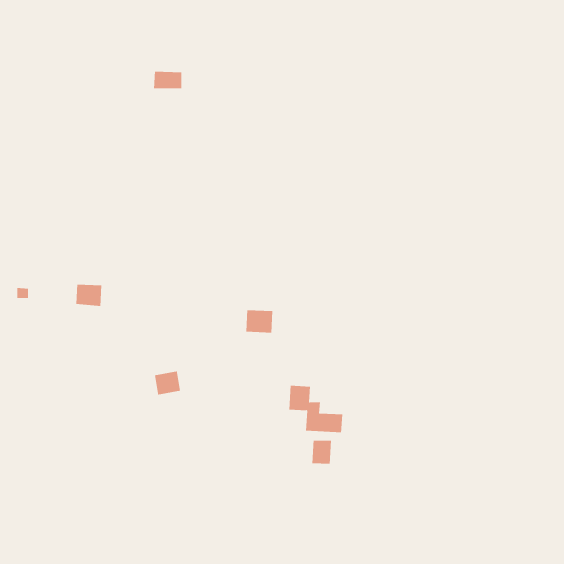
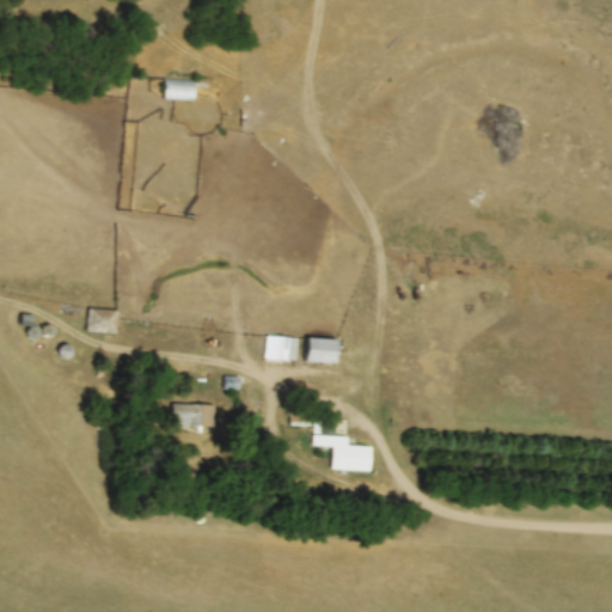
building: none -> [305,338,336,363]
building: [312,440,331,465] -> none

